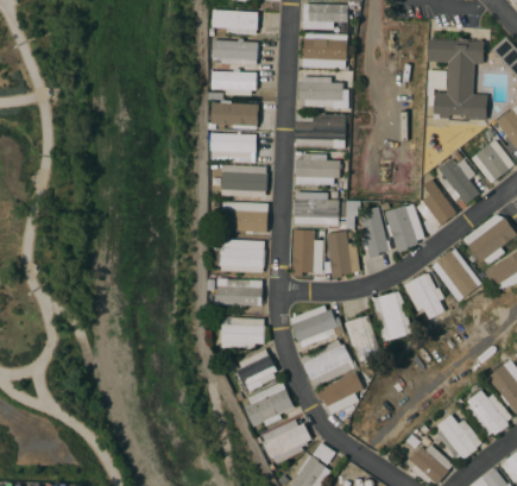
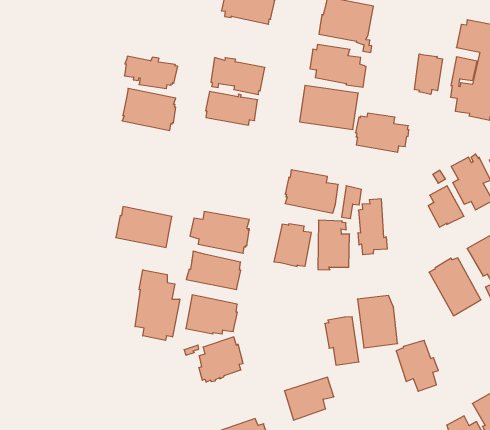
building: [210,68,258,94] -> [124,56,178,89]
building: none -> [414,54,443,94]
building: [294,153,341,184] -> [355,113,409,152]
building: [221,164,267,196] -> [122,88,176,130]
building: [220,201,267,232] -> [116,207,172,247]
building: [384,203,424,252] -> none
building: [404,272,445,318] -> [396,340,438,391]
building: none -> [135,270,180,340]
building: [290,304,343,347] -> none
building: [301,339,357,386] -> none
building: [242,380,294,425] -> none

